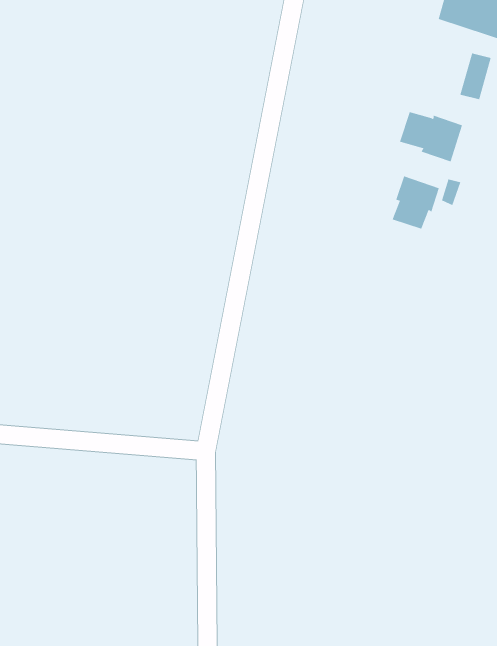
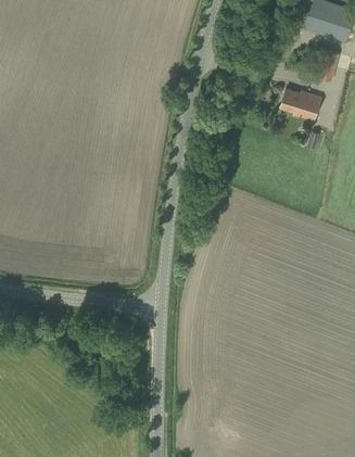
building: [392,175,440,230] -> none

